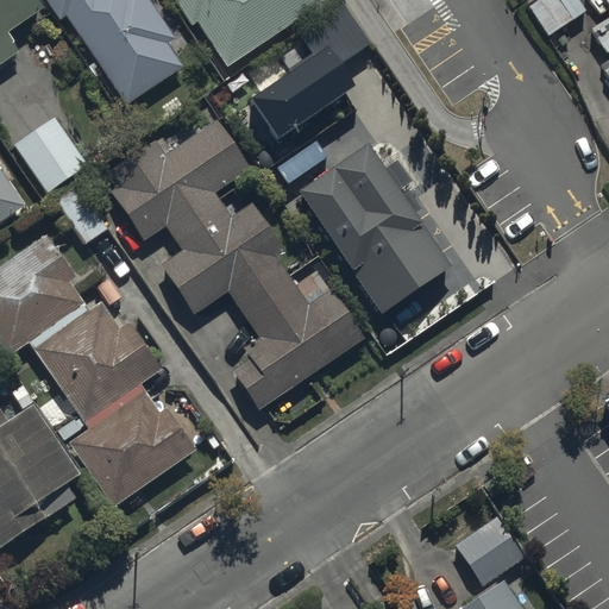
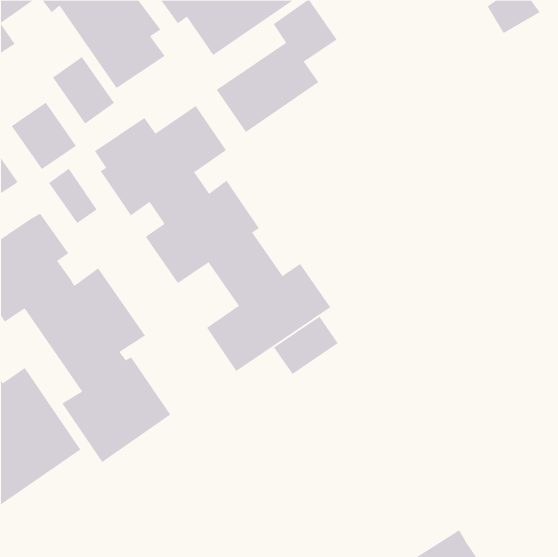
building: none -> [52,56,115,124]
building: [296,139,452,314] -> none
building: none -> [273,316,339,375]
building: [454,517,521,585] -> none

